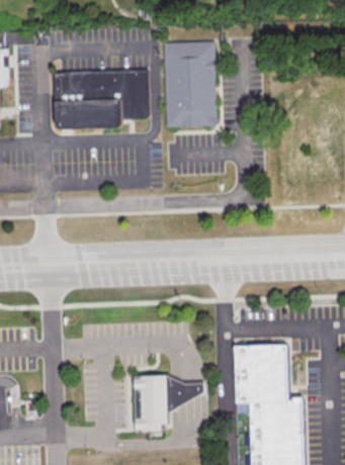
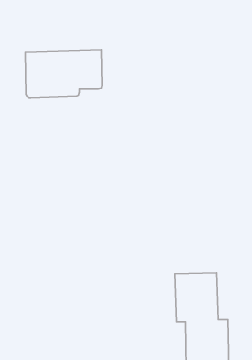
building: [163,40,219,128] -> none
building: [140,376,209,431] -> none

